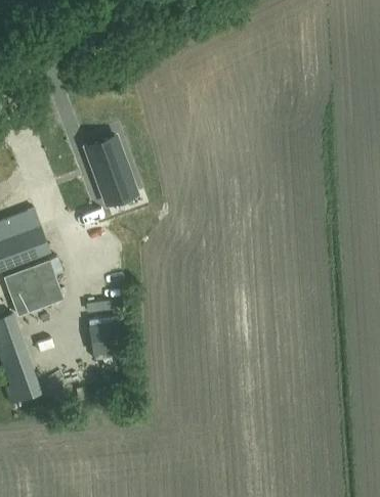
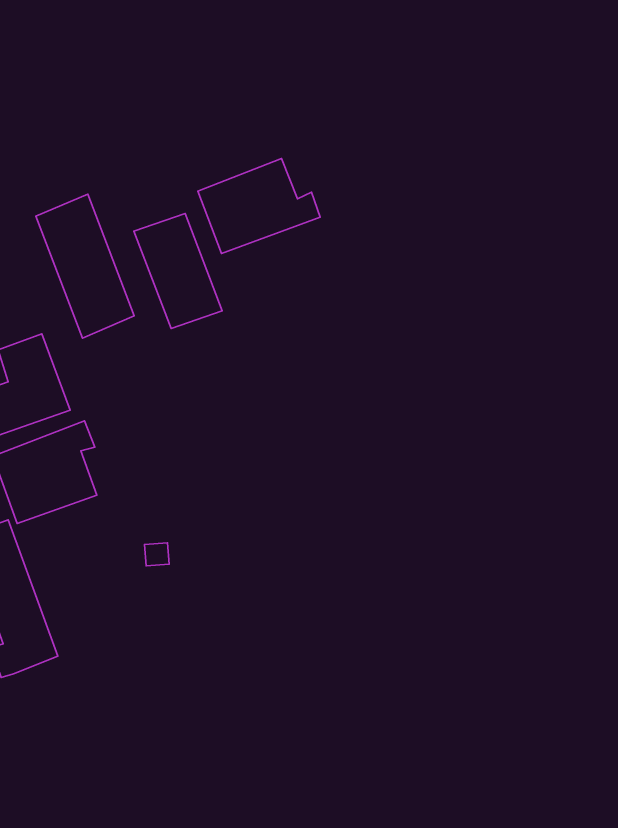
building: none -> [198,158,320,253]
building: none -> [36,194,134,338]

